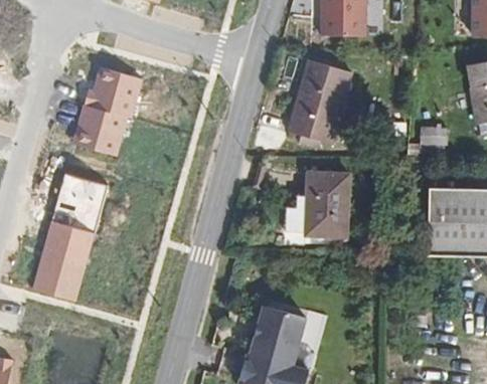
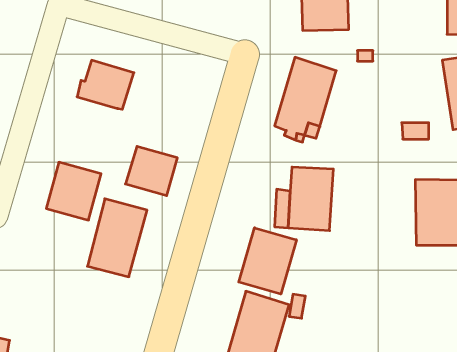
building: [71,102,126,153] -> [125,146,177,196]
building: [33,218,96,300] -> [87,199,147,277]
building: none -> [239,228,296,294]

